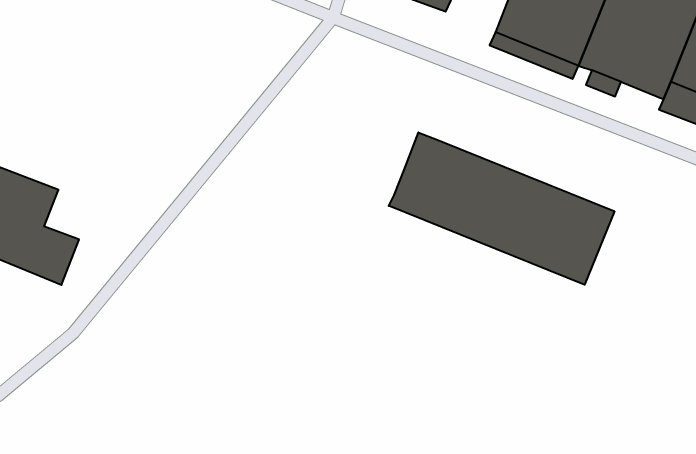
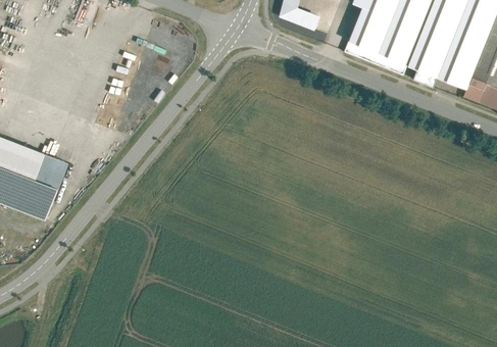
building: [389,132,614,285] -> none
building: none -> [33,153,66,188]

